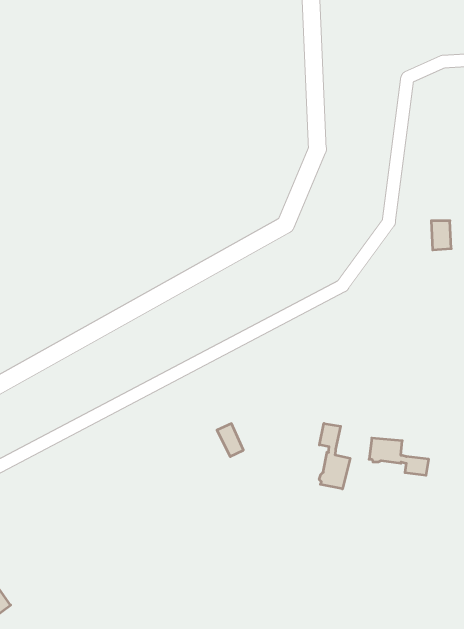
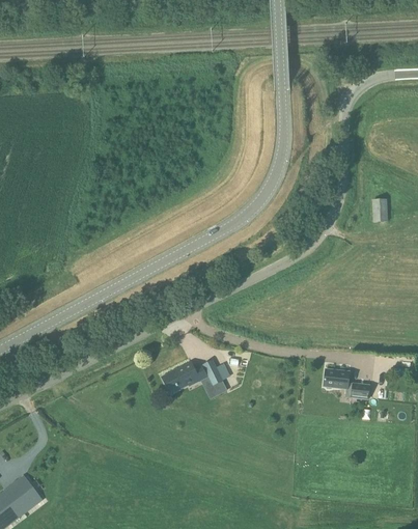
building: [319,423,350,489] -> none
building: none -> [163,362,207,392]

